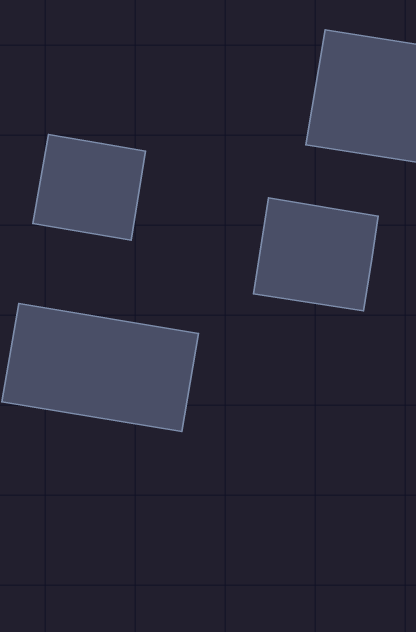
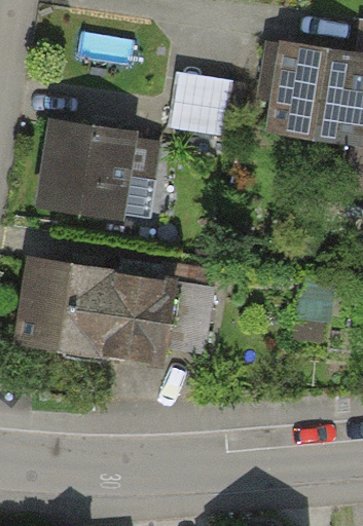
building: none -> [167,72,240,138]
building: [254,198,378,311] -> none

